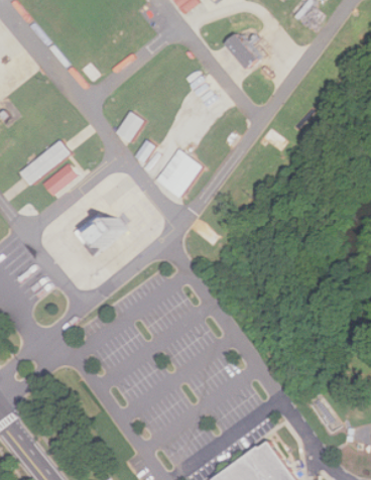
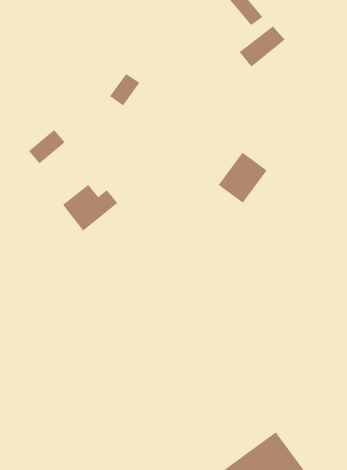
building: none -> [239,25,286,67]
building: [20,140,69,184] -> none
building: [156,149,202,197] -> [218,152,267,203]

